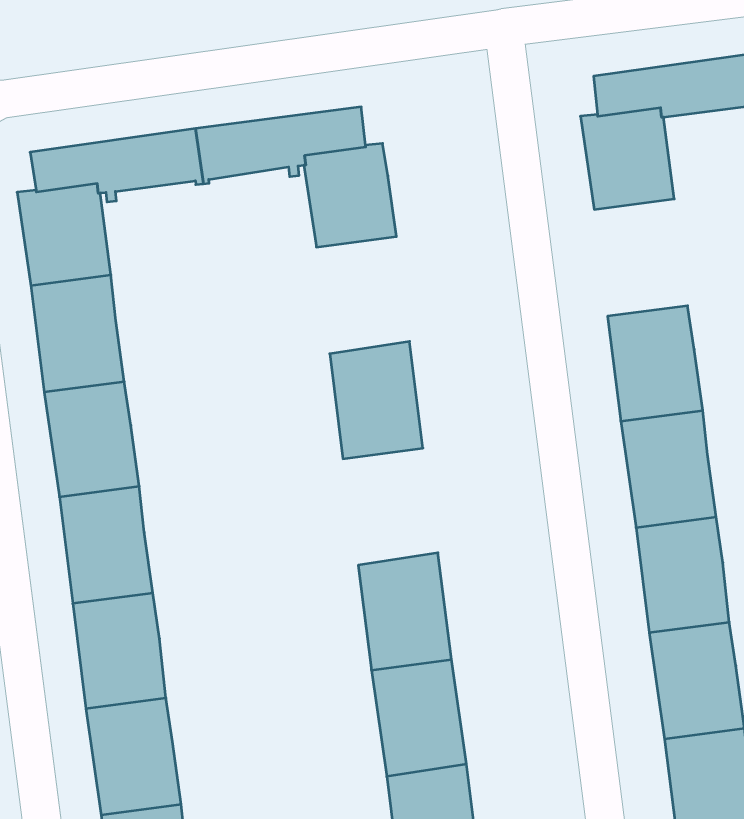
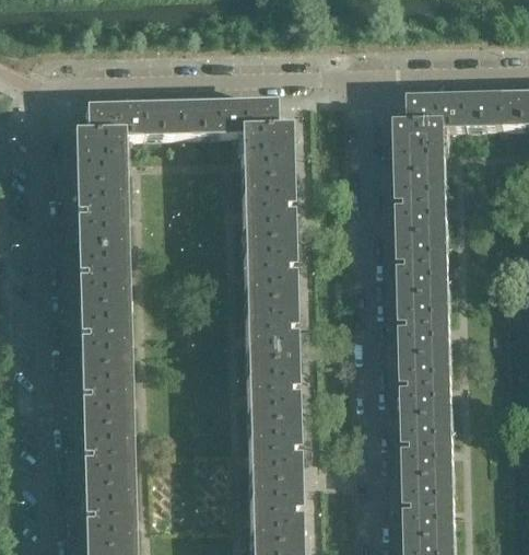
building: none -> [401,171,448,233]
building: none -> [242,175,289,238]
building: none -> [244,297,292,359]

